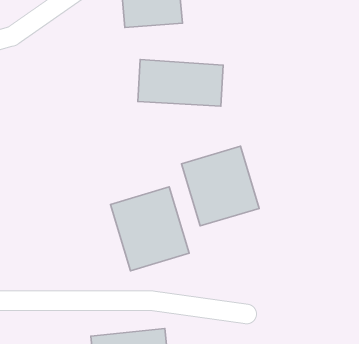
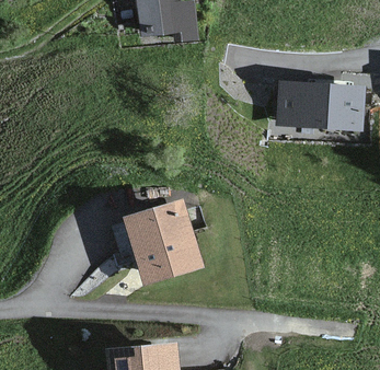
building: [138,60,223,106] -> [280,80,365,126]
building: [181,146,259,226] -> none

